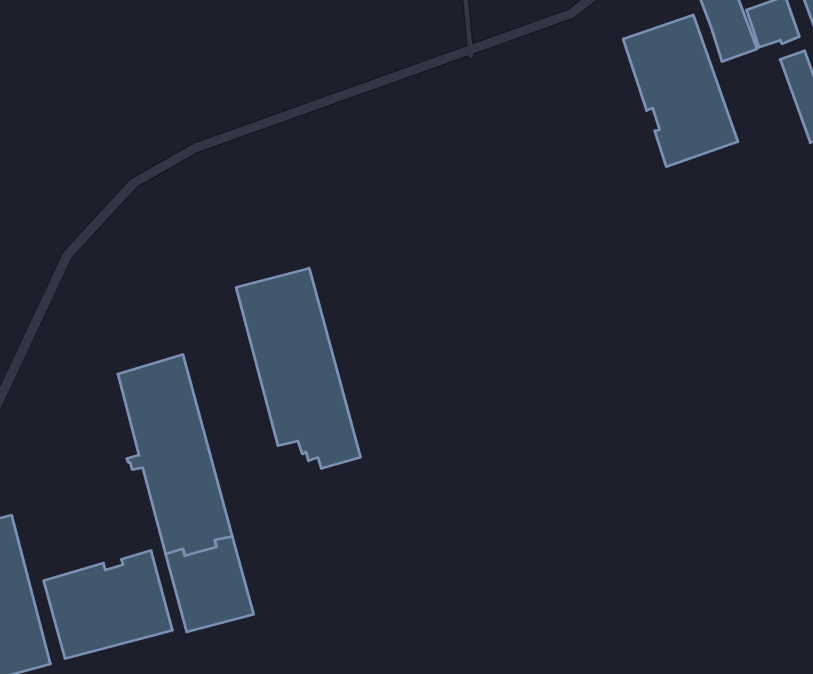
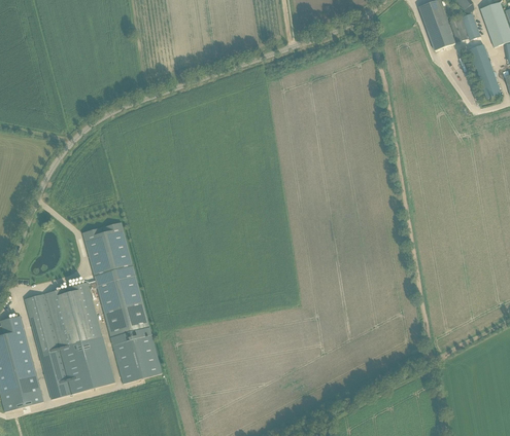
building: [623,15,738,167] -> none
building: [236,268,360,469] -> none
building: none -> [24,282,101,353]

